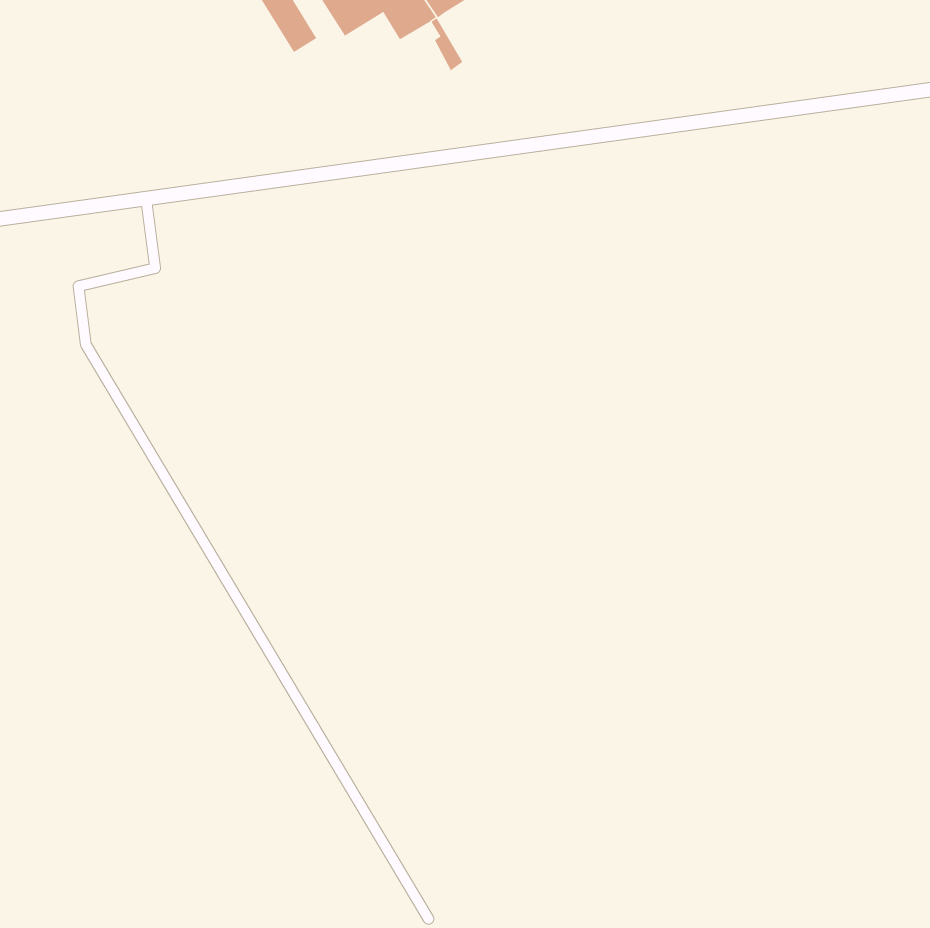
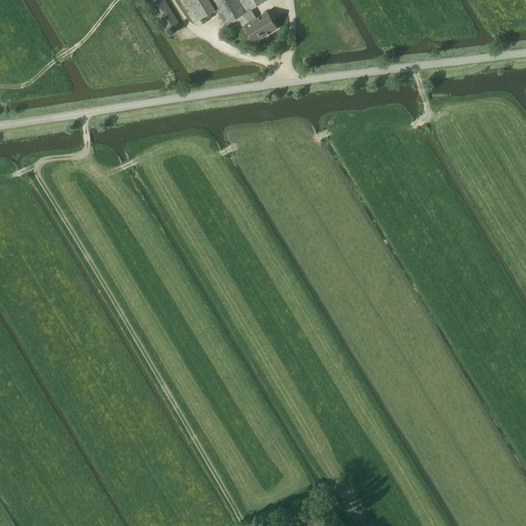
building: none -> [248,7,277,35]

